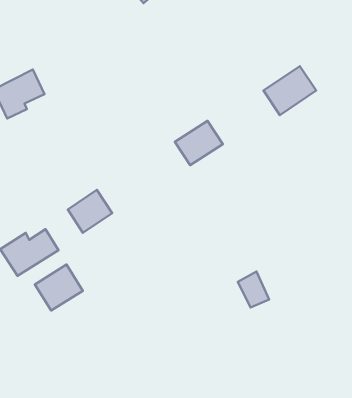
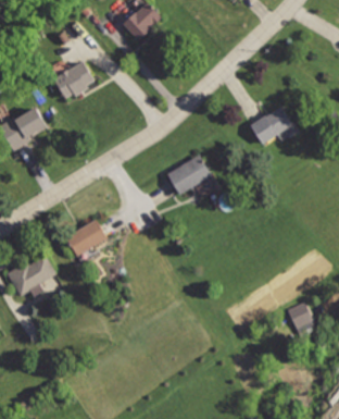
building: none -> [49,59,97,102]
building: [35,265,83,311] -> none
building: [238,271,269,308] -> [286,301,315,335]

